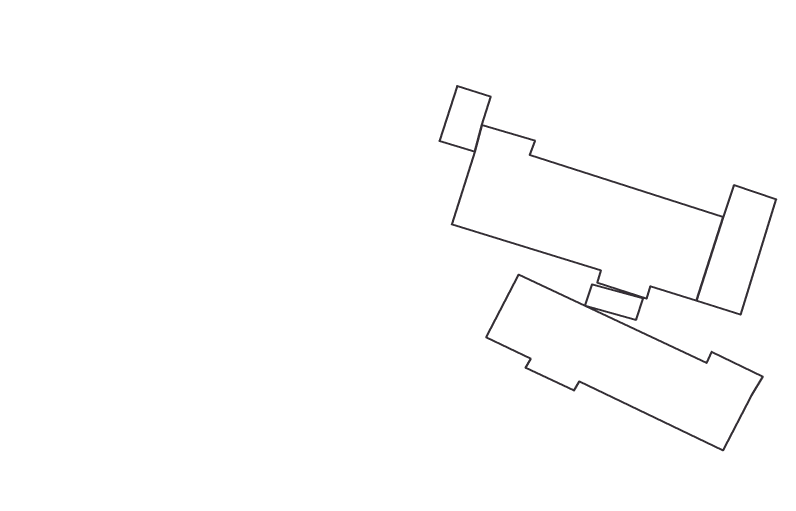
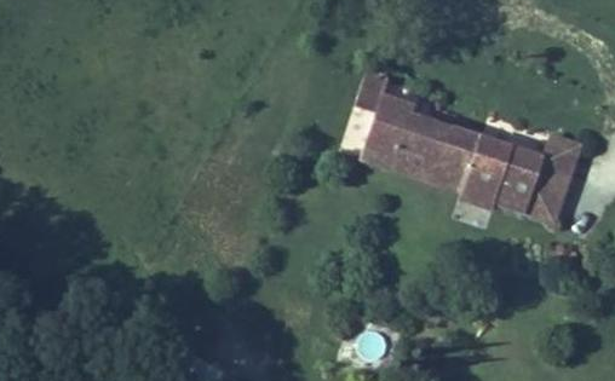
building: [486,275,763,450] -> none

